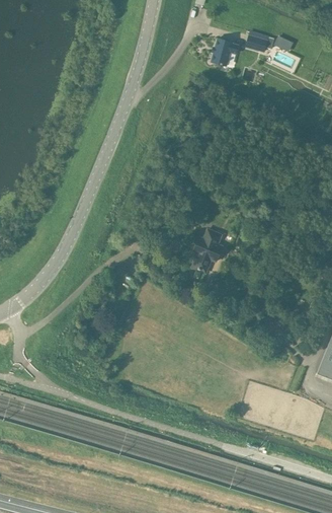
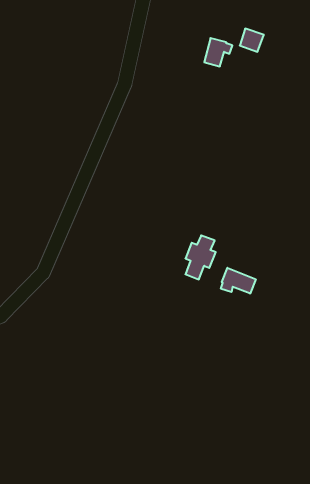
building: none -> [221,268,256,294]

